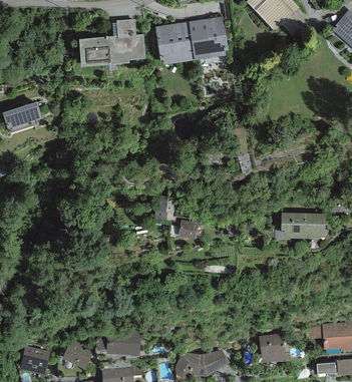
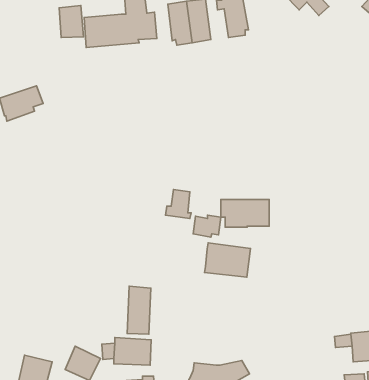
building: none -> [59,6,83,38]
building: [281,213,325,238] -> [221,200,269,227]
building: none -> [204,243,250,277]
building: none -> [127,286,151,334]
building: [260,334,285,360] -> none

